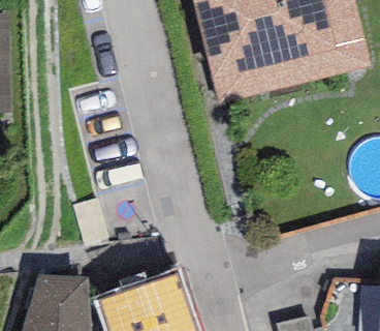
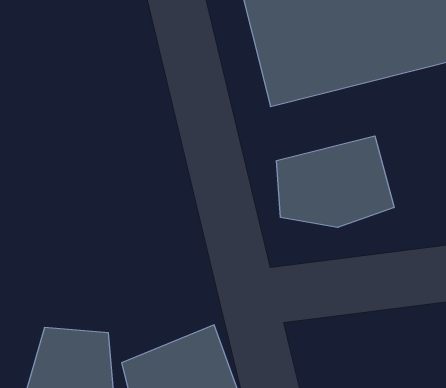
building: none -> [276,136,394,227]

